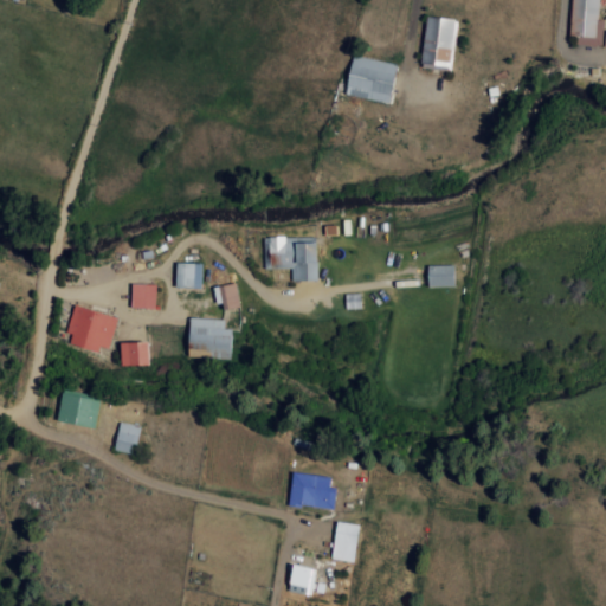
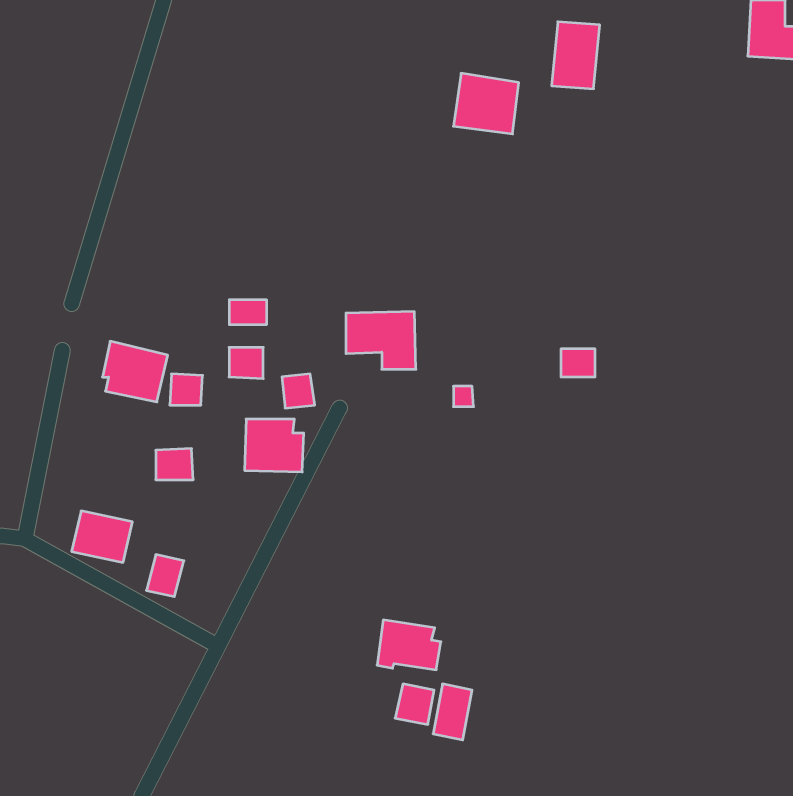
building: none -> [229,300,266,325]
building: [67,307,117,353] -> [102,341,168,402]
building: [288,563,317,594] -> [395,684,434,724]

